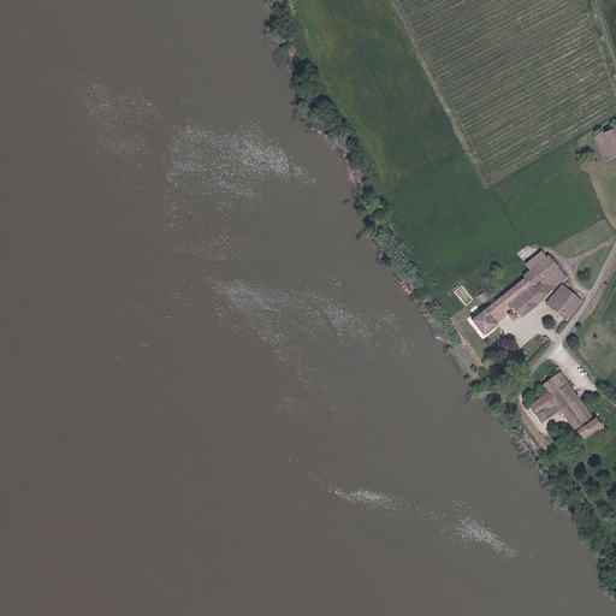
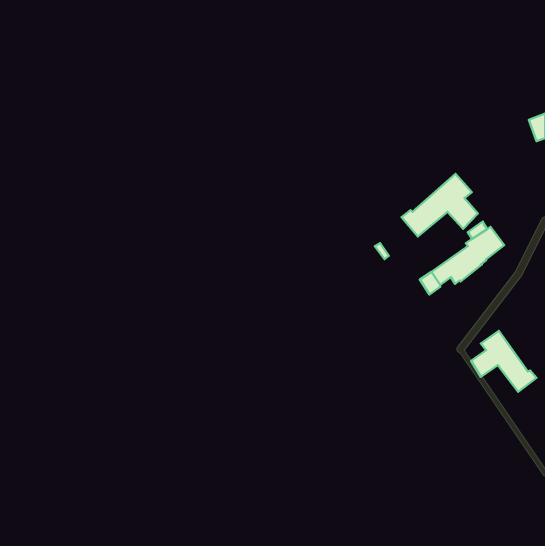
building: none -> [401,174,478,237]
building: [546,285,584,324] -> none

